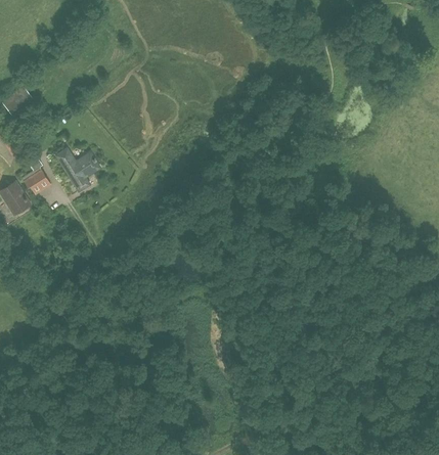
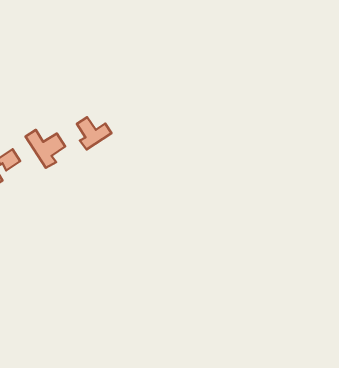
building: none -> [77,117,112,149]

